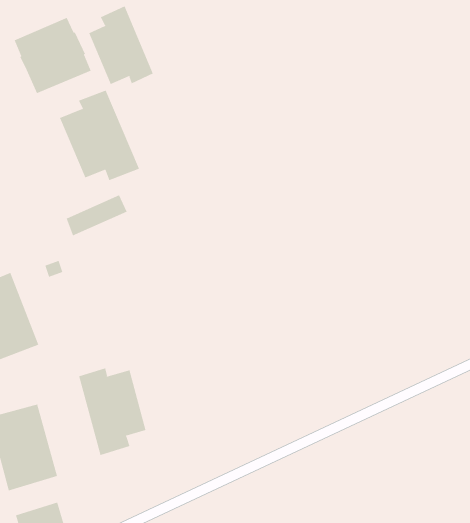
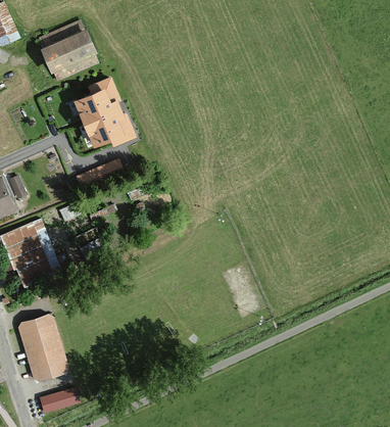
building: [89,5,154,85] -> none
building: [79,367,146,456] -> none

